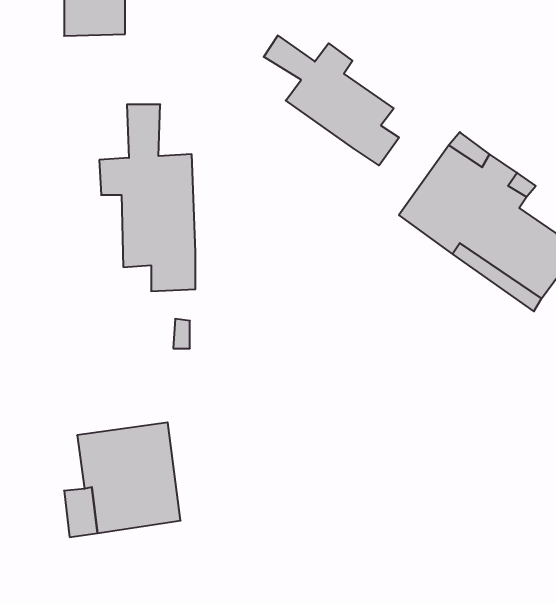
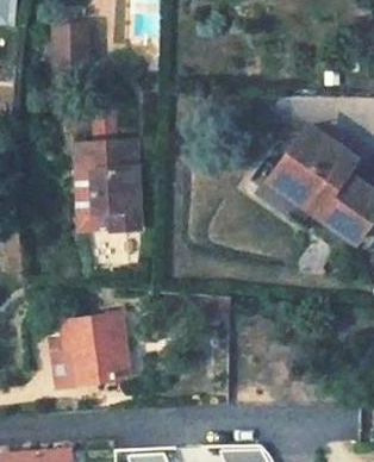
building: [264,35,399,165] -> none
building: none -> [76,167,108,230]

